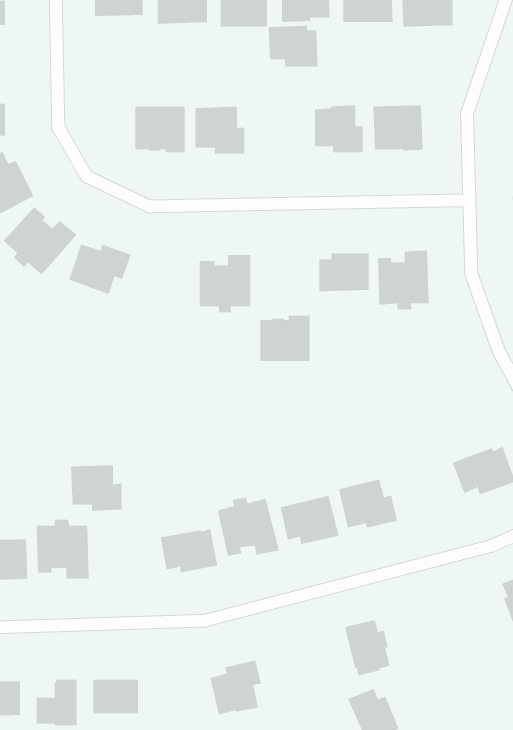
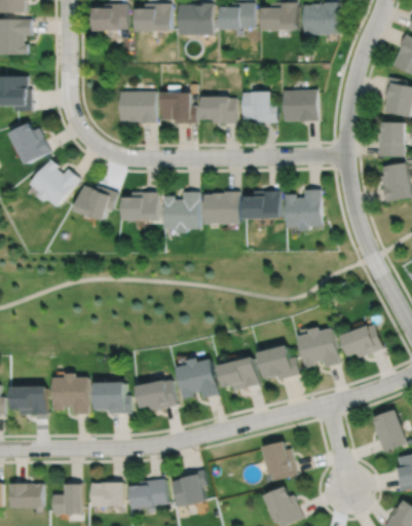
building: [268,25,319,67] -> [201,95,236,123]
building: none -> [122,192,158,219]
building: [260,315,310,361] -> [204,191,239,223]
building: none -> [297,328,338,369]
building: [70,465,123,511] -> [95,383,130,415]
building: none -> [129,480,166,511]

